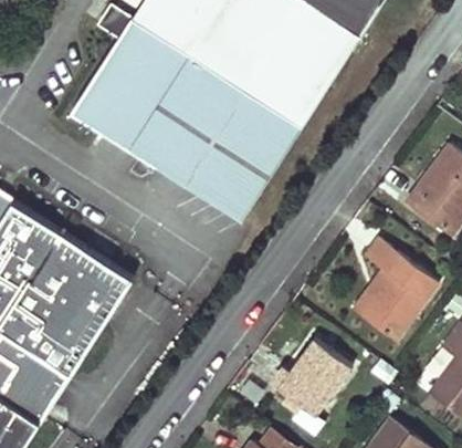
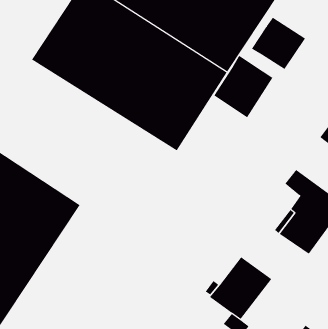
building: none -> [251,17,306,70]
building: none -> [214,55,273,118]

